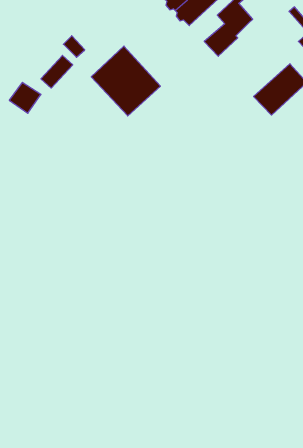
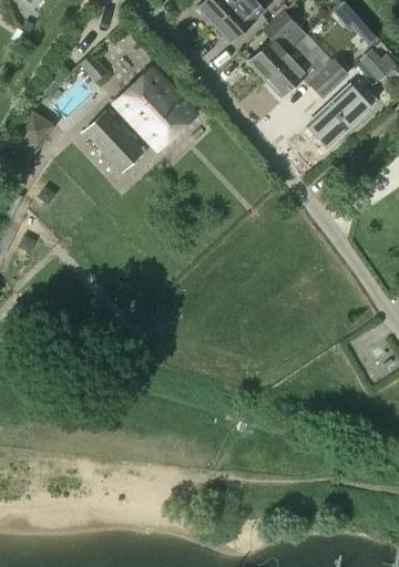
building: none -> [265,39,346,96]
building: none -> [82,110,144,173]

